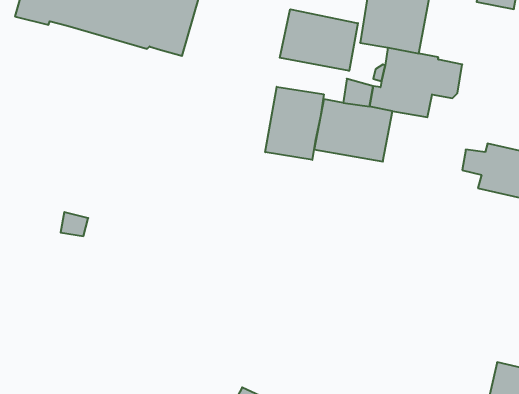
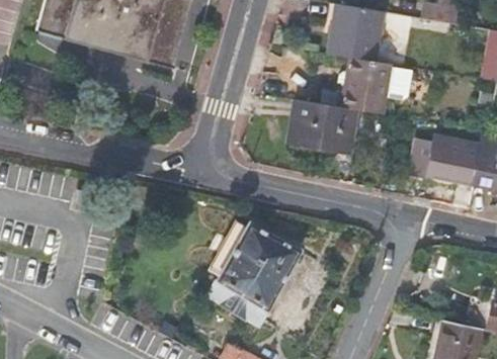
building: [280,9,358,71] -> none
building: [265,87,324,160] -> none
building: none -> [214,226,300,325]

